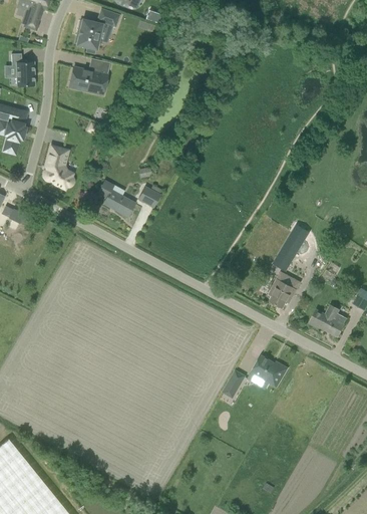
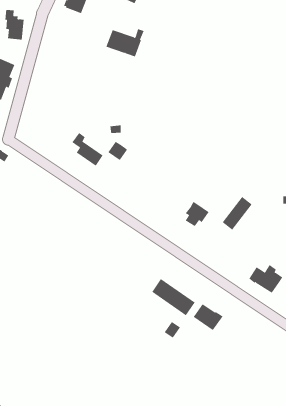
building: [68,62,109,94] -> [106,28,145,57]
building: [43,146,73,189] -> none
building: [269,279,296,307] -> [185,201,209,227]
building: none -> [151,278,196,316]

